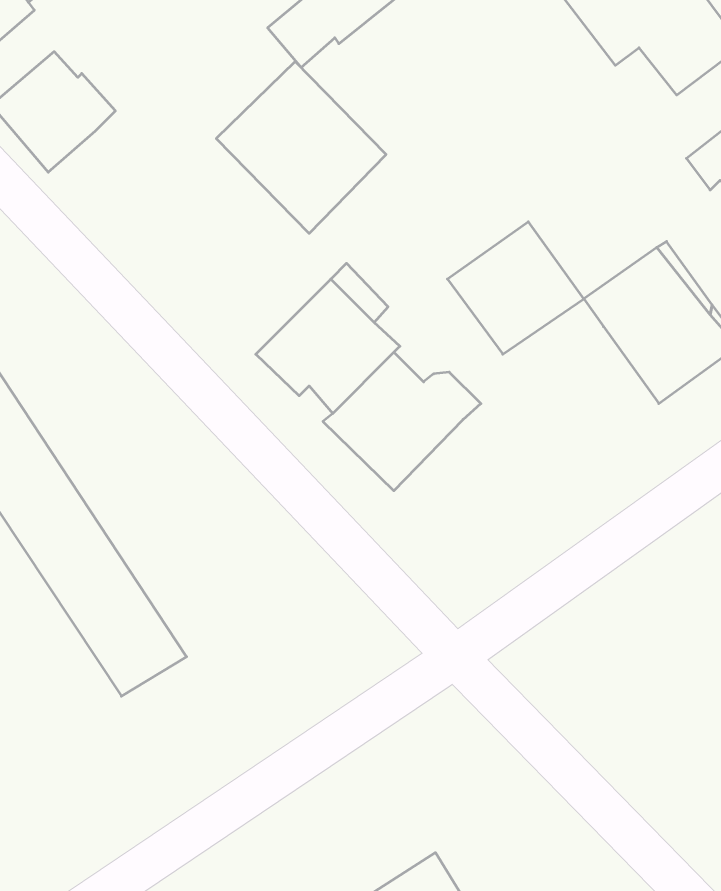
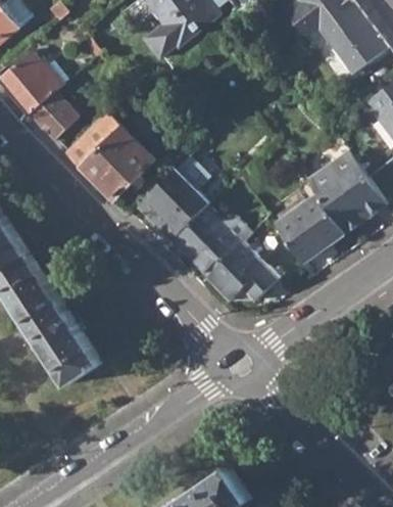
building: [216,61,386,233] -> [66,111,154,200]
building: none -> [29,92,79,140]
building: [447,222,584,354] -> [274,193,344,262]
building: none -> [207,241,278,302]

